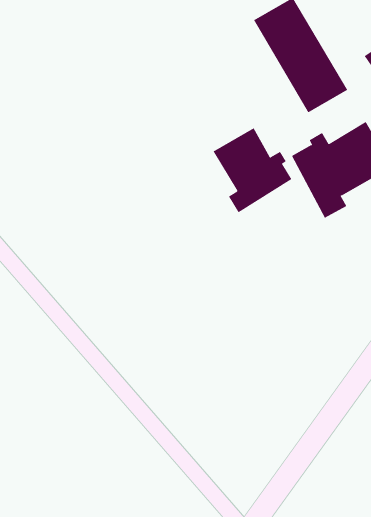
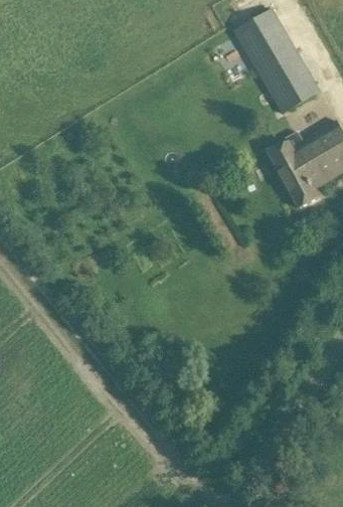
building: [213,127,292,213] -> none

